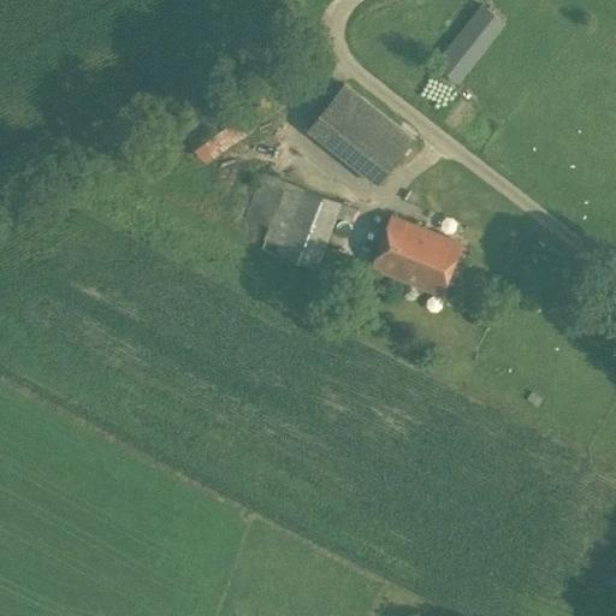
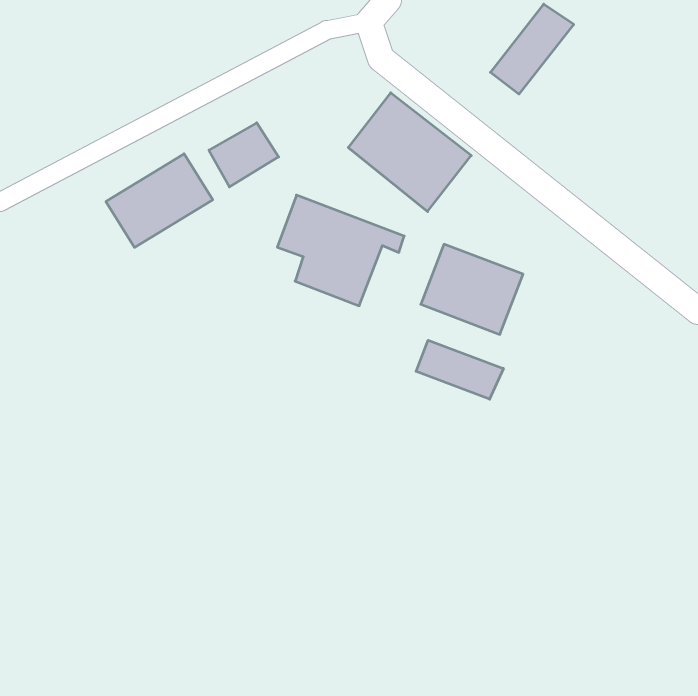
building: none -> [106,154,213,247]
building: none -> [416,340,503,399]

